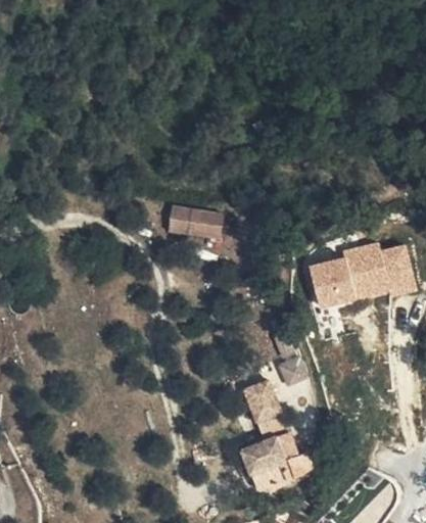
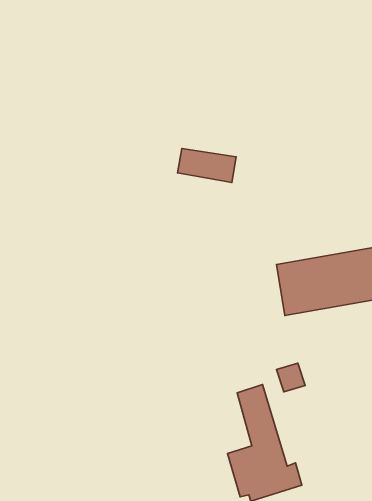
building: [167,207,223,240] -> [178,148,236,182]

